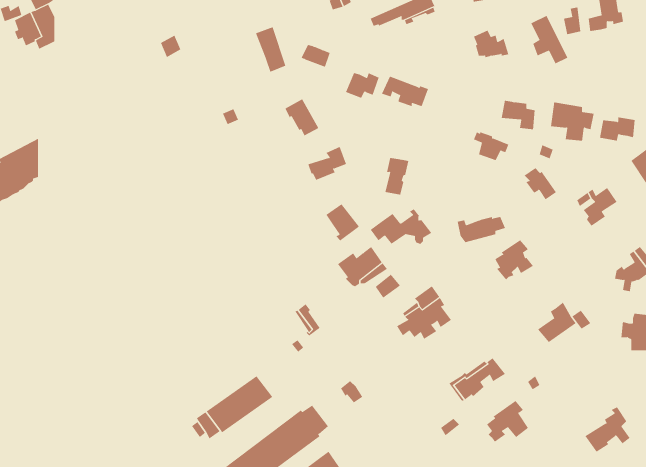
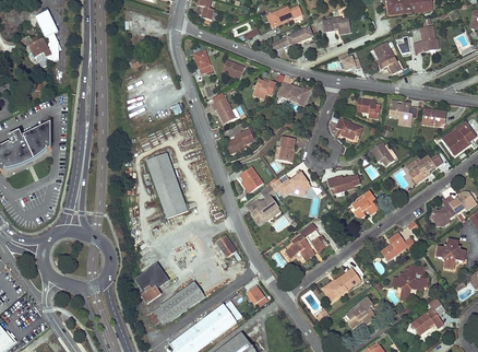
building: none -> [146,152,187,218]
building: none -> [134,262,169,302]
building: none -> [391,263,427,296]

